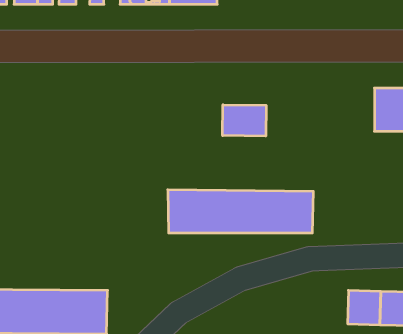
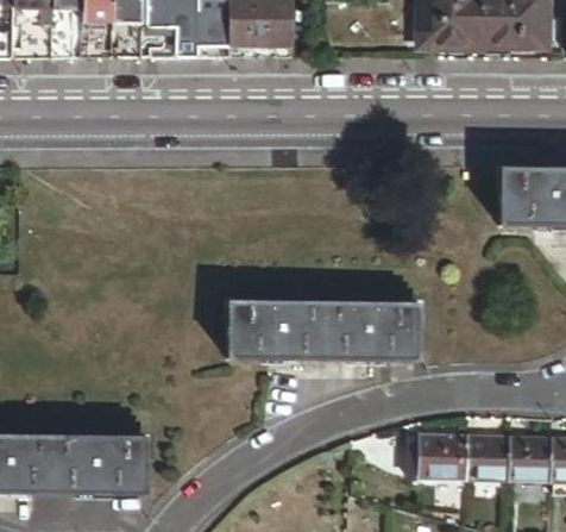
building: [223,105,266,136] -> none
building: none -> [414,433,465,478]

